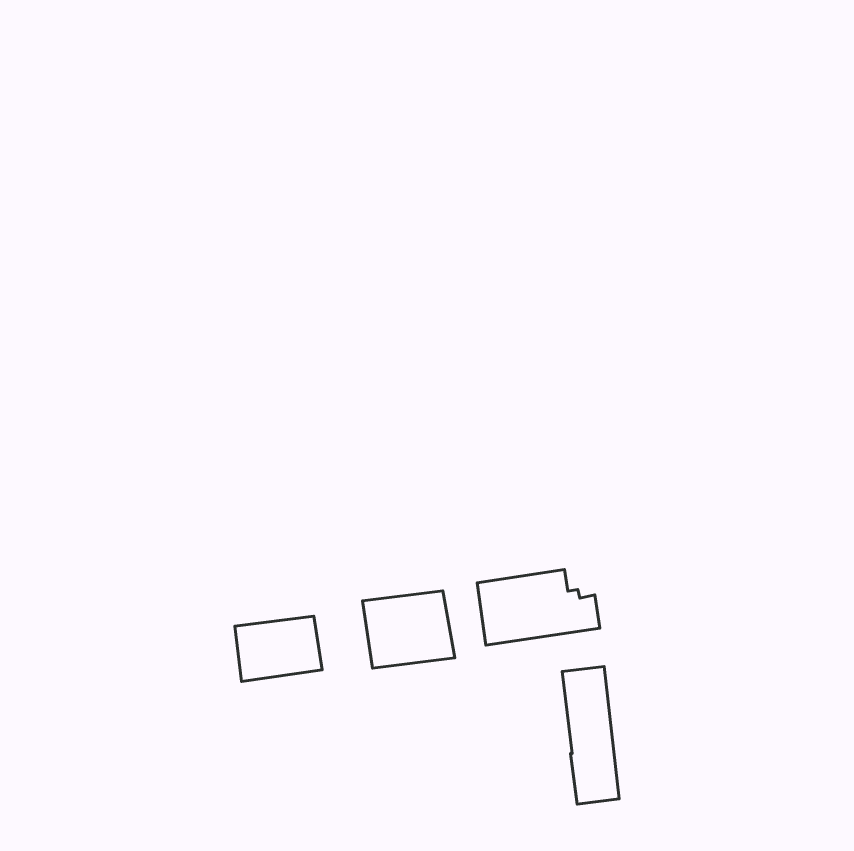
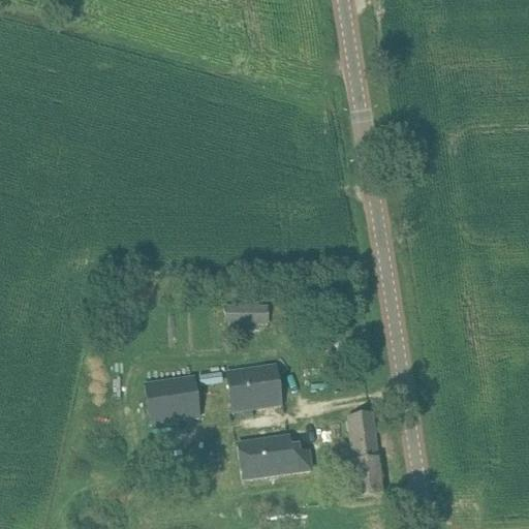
building: none -> [224,300,269,322]
building: [477,570,600,645] -> [237,434,312,480]

